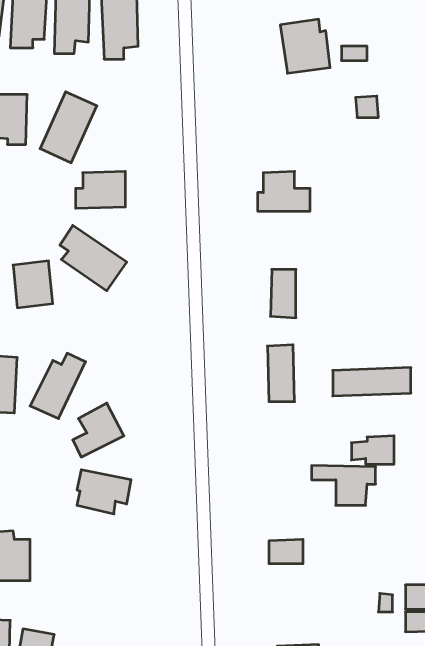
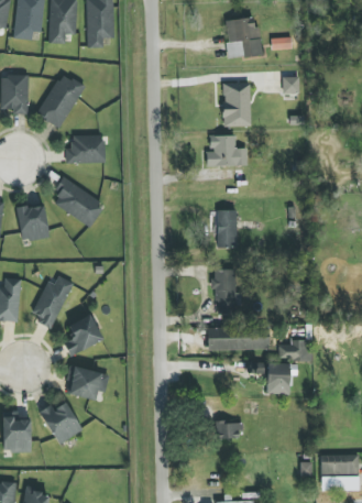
building: none -> [222,81,252,127]
building: [333,368,411,396] -> [208,328,268,350]
building: none -> [40,402,83,444]

